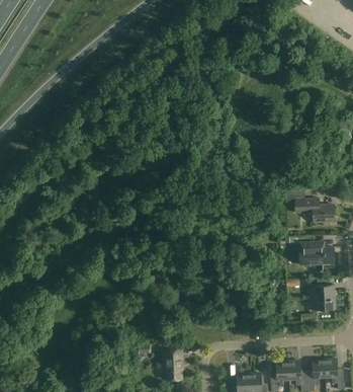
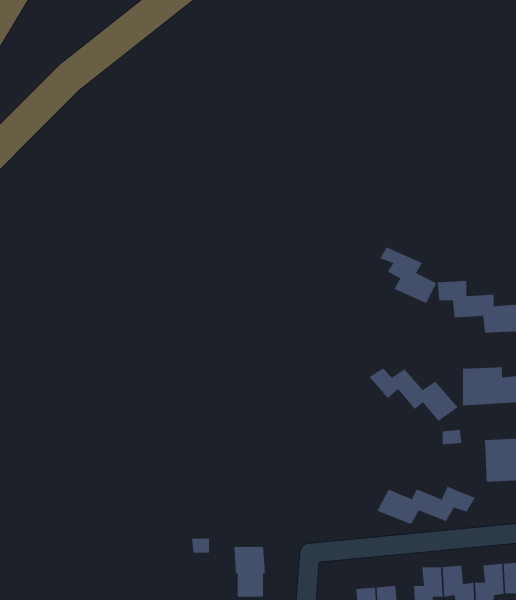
building: none -> [380,246,437,304]
building: none -> [369,367,458,422]
building: none -> [376,486,476,525]

